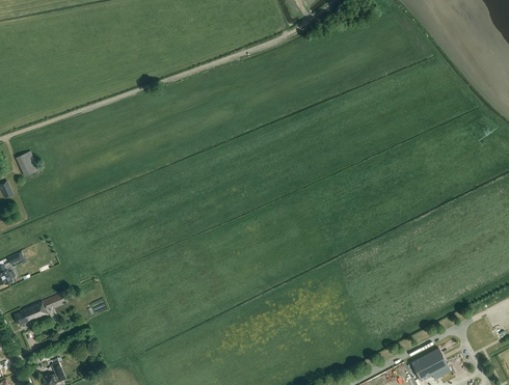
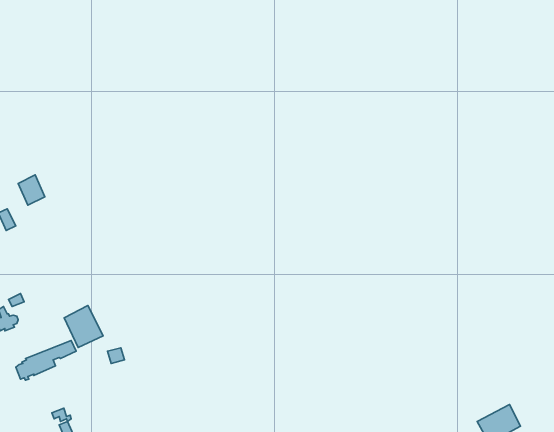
building: none -> [64,306,103,348]

